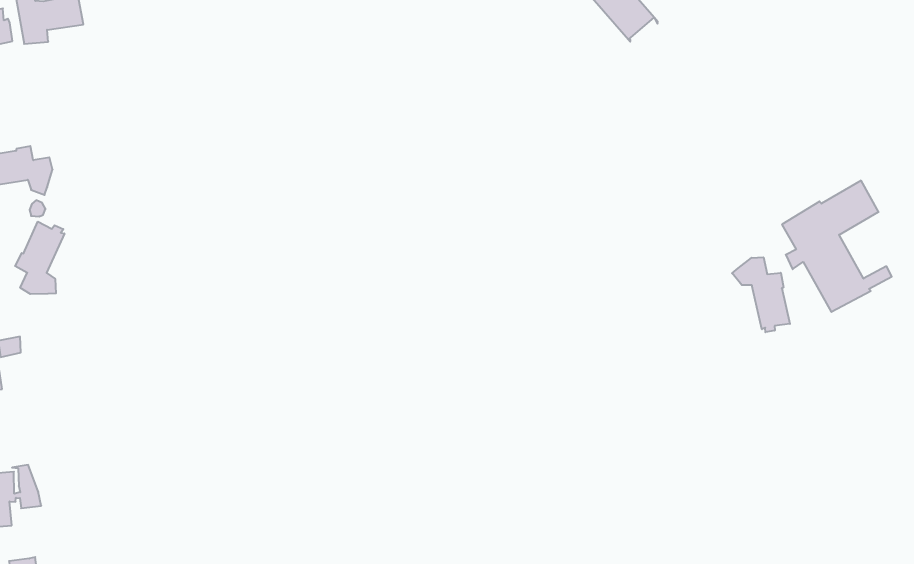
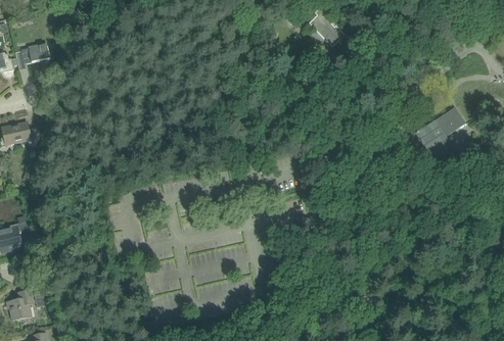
building: [15,222,64,294] -> none
building: [732,257,790,332] -> none

